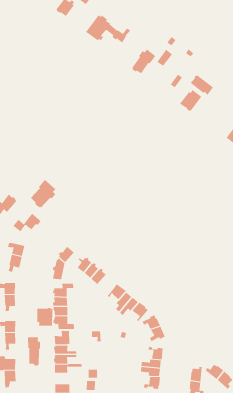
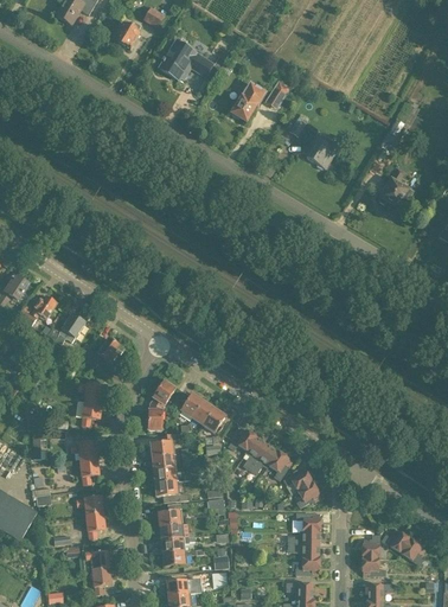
building: [190,74,214,95] -> none
building: [30,179,56,209] -> none
building: [37,307,53,326] -> none
building: [28,336,40,366] -> none

